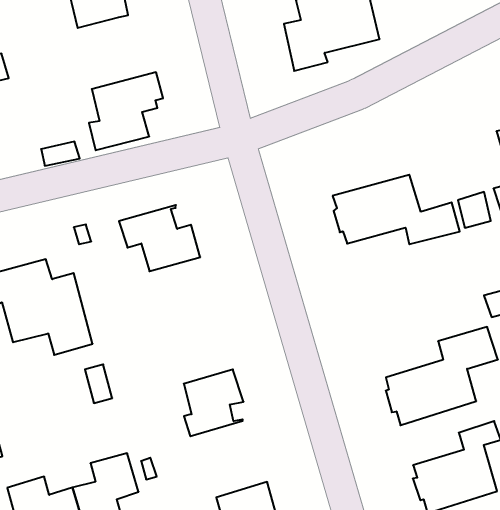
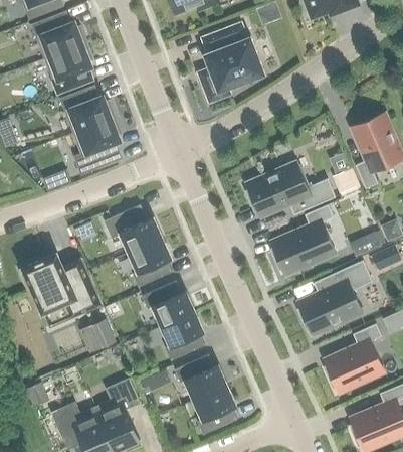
building: none -> [59,86,115,133]
building: none -> [270,204,335,274]
building: none -> [128,238,171,287]
building: none -> [141,281,193,325]
building: none -> [173,354,226,400]

